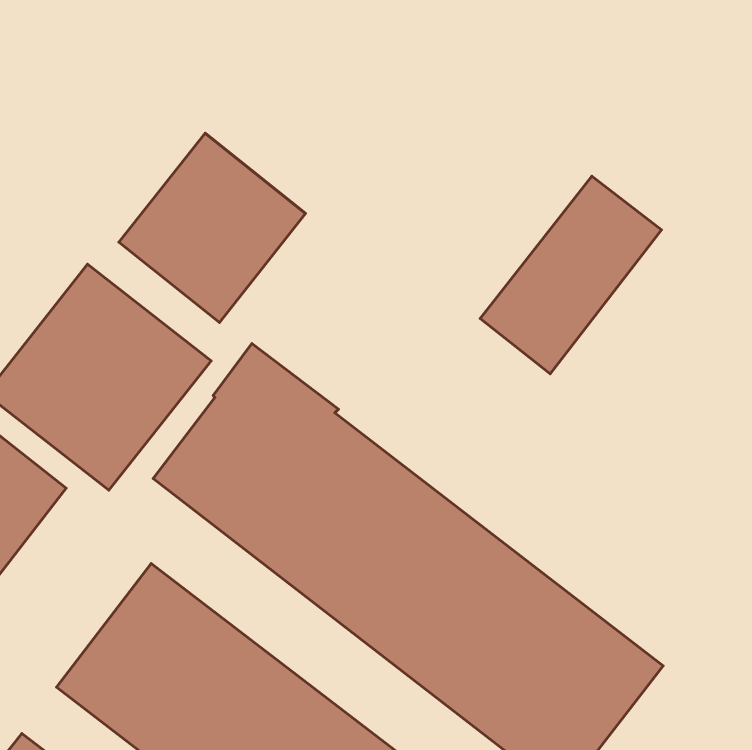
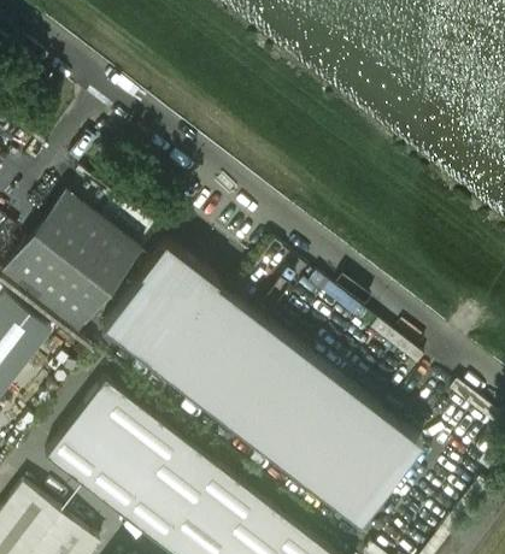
building: [119,133,306,323] -> none
building: [480,176,661,374] -> none

